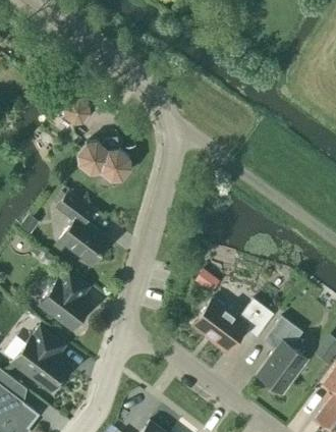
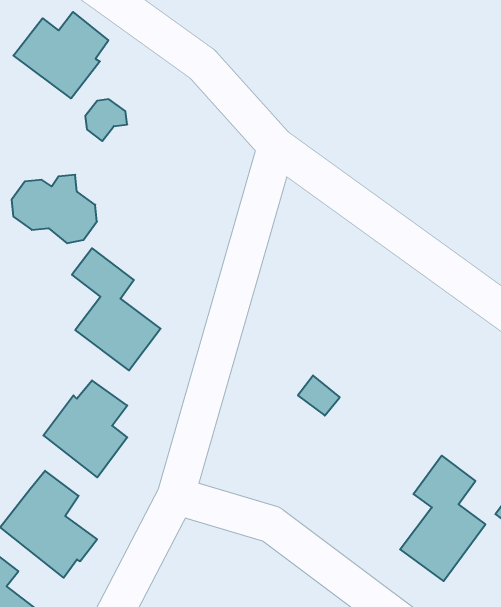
building: none -> [13,12,108,98]
building: [77,140,129,181] -> [12,175,97,243]
building: [192,300,273,354] -> none

